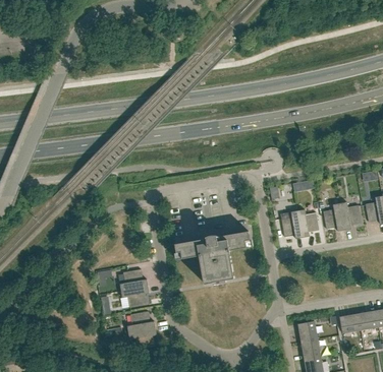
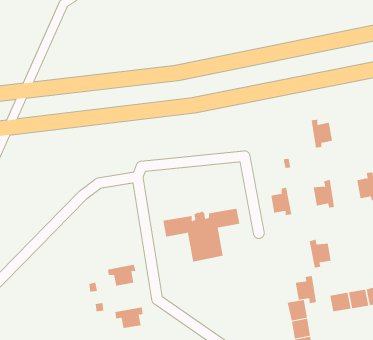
building: [339,201,361,230] -> [311,119,333,148]
building: [296,208,319,237] -> [309,239,332,268]
building: [119,268,147,291] -> none
building: none -> [295,275,317,304]
building: [126,311,155,332] -> none

